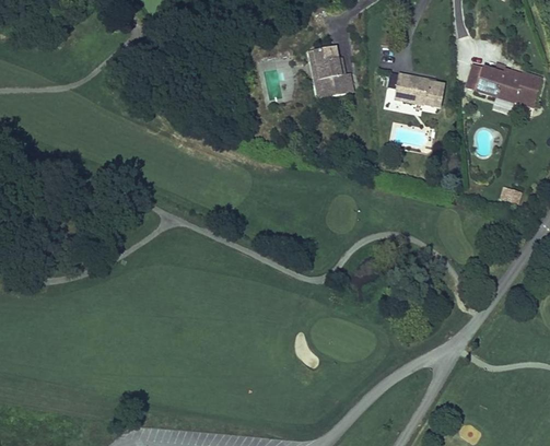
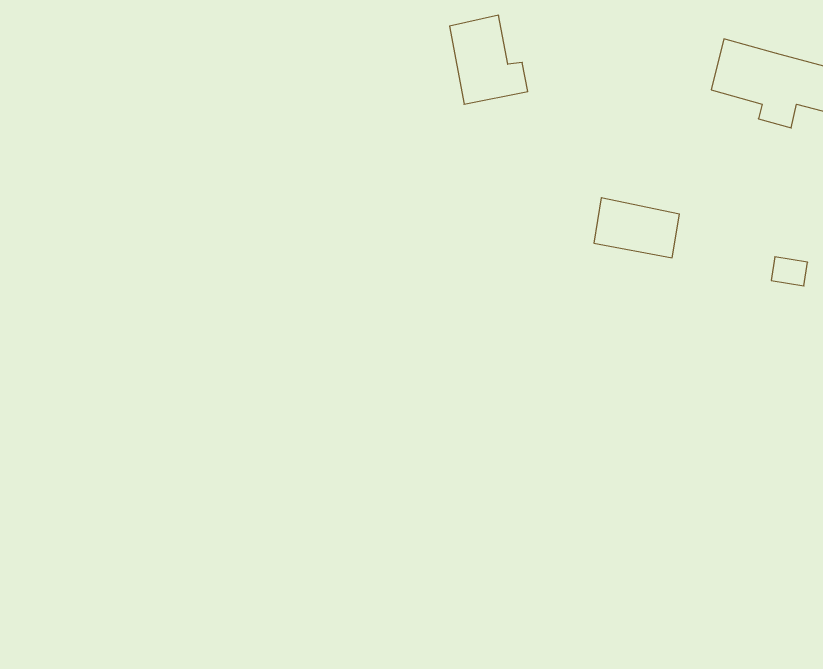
building: [395,73,446,109] -> [594,198,679,258]

